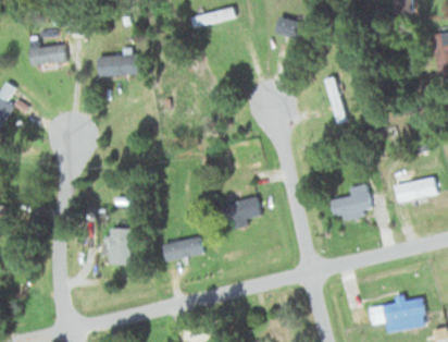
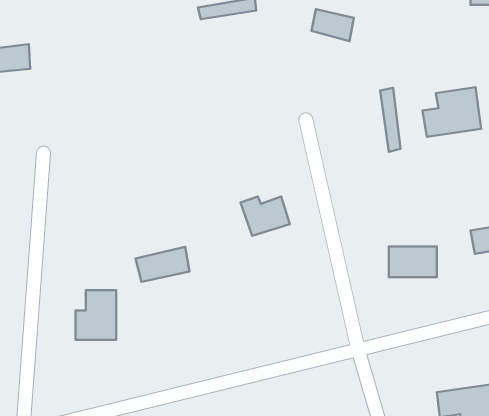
building: [97,53,138,77] -> none
building: none -> [423,87,481,137]
building: [224,195,261,224] -> [240,197,290,236]
building: [162,235,202,261] -> [136,247,189,282]

